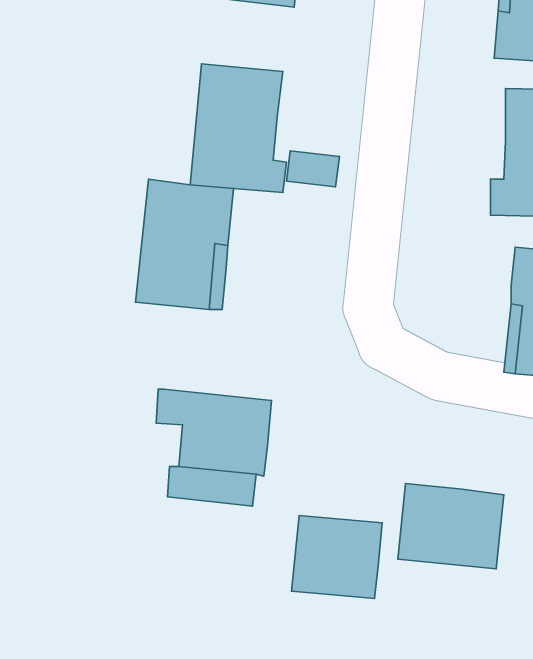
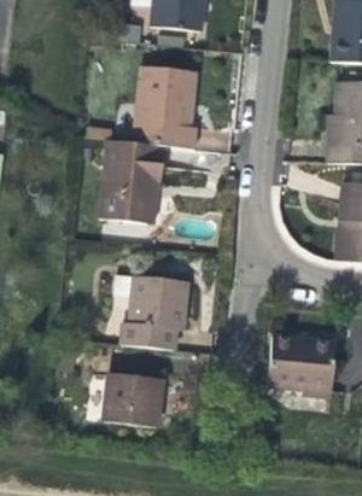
building: [292,515,382,599] -> [104,372,162,425]

